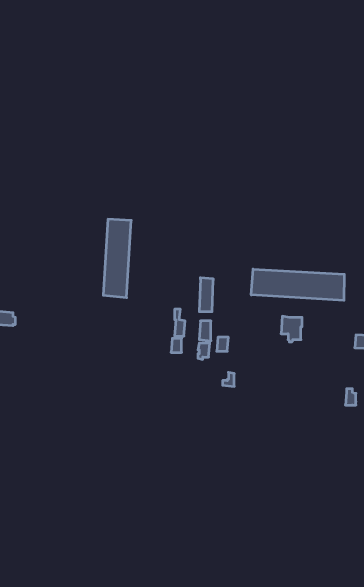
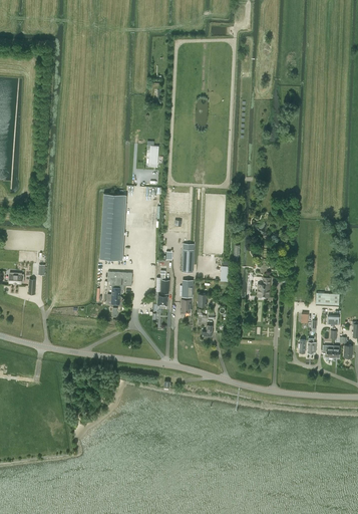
building: [251,269,344,300] -> none
building: none -> [107,272,131,303]

